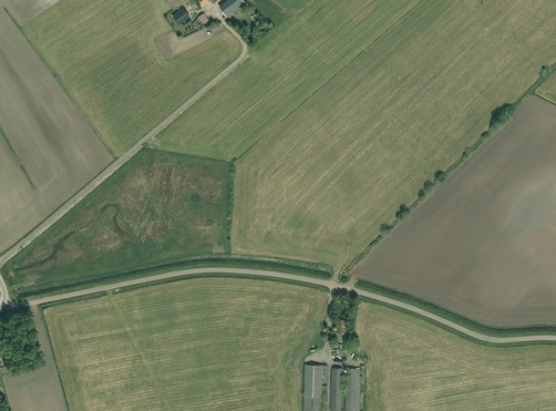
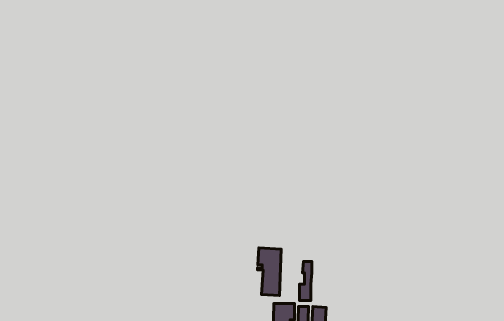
building: none -> [258,248,281,296]

